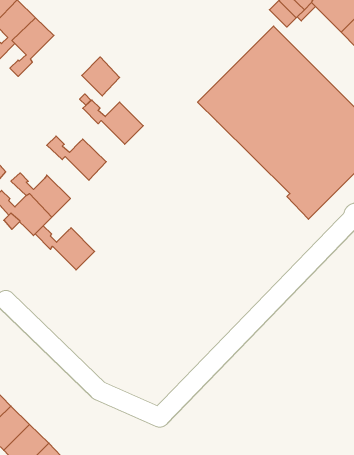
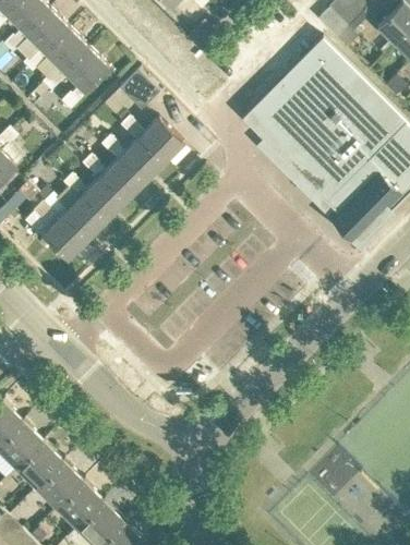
building: none -> [61,48,109,111]
building: none -> [101,136,165,182]
building: [35,226,95,270] -> [63,174,126,221]

